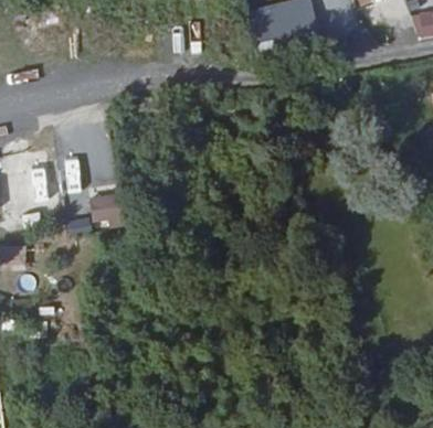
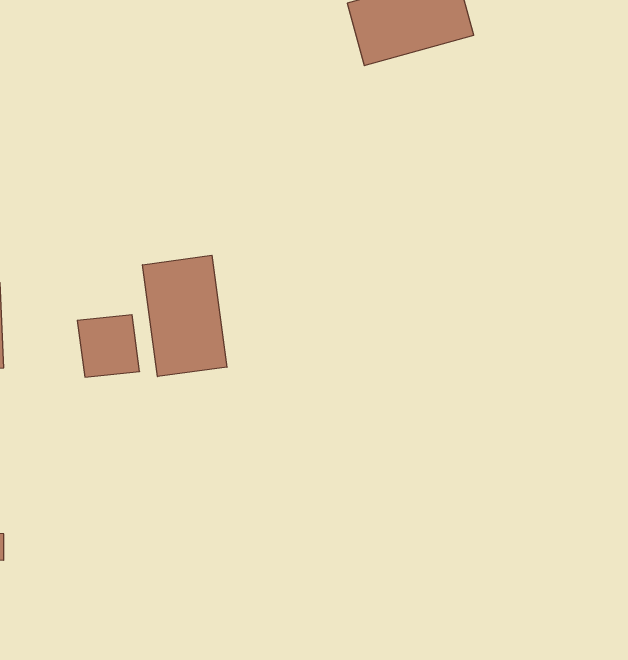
building: none -> [143,255,227,377]

